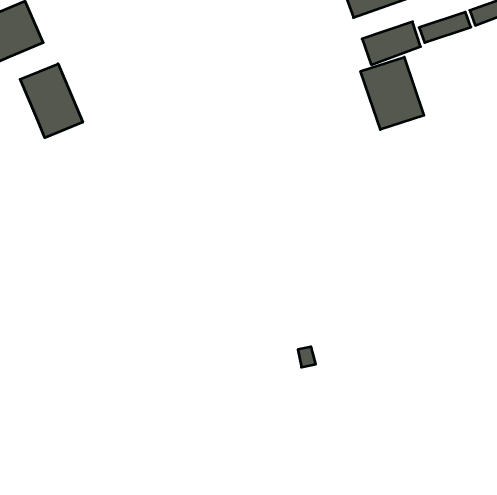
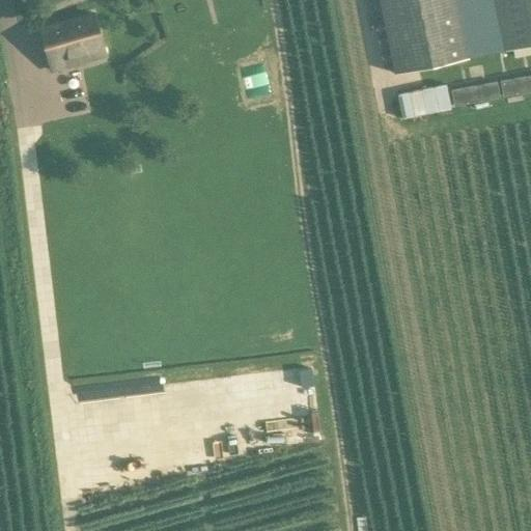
building: [361,57,424,130] -> none
building: [20,64,83,138] -> none

